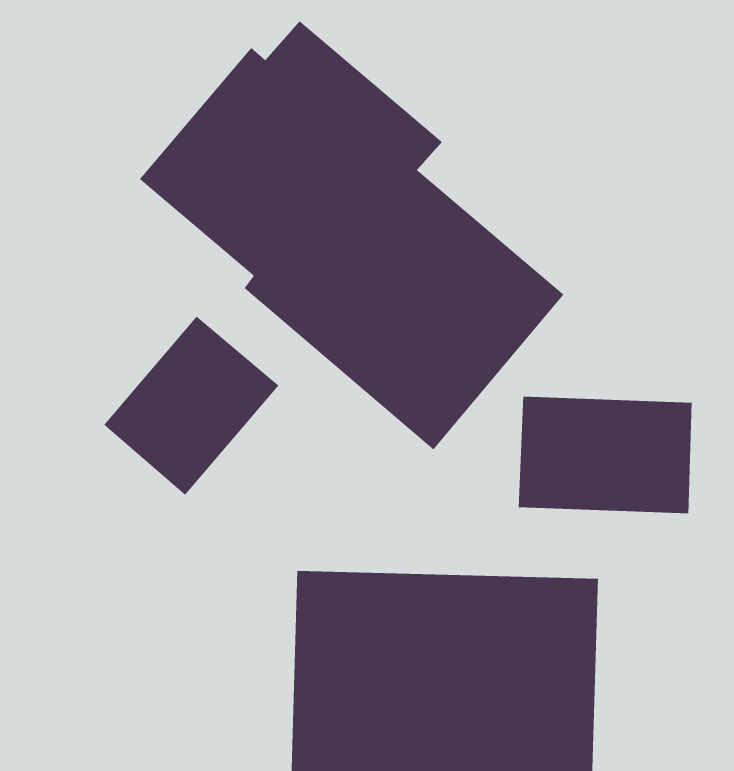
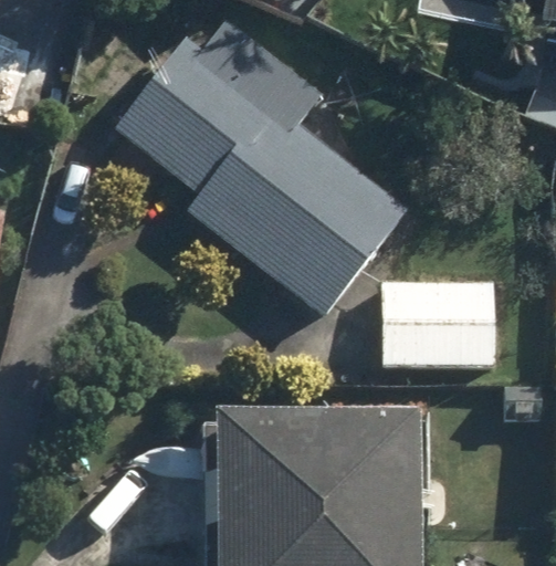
building: [103,315,279,496] -> none

